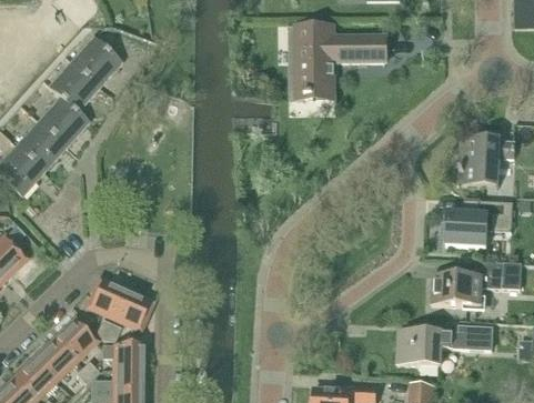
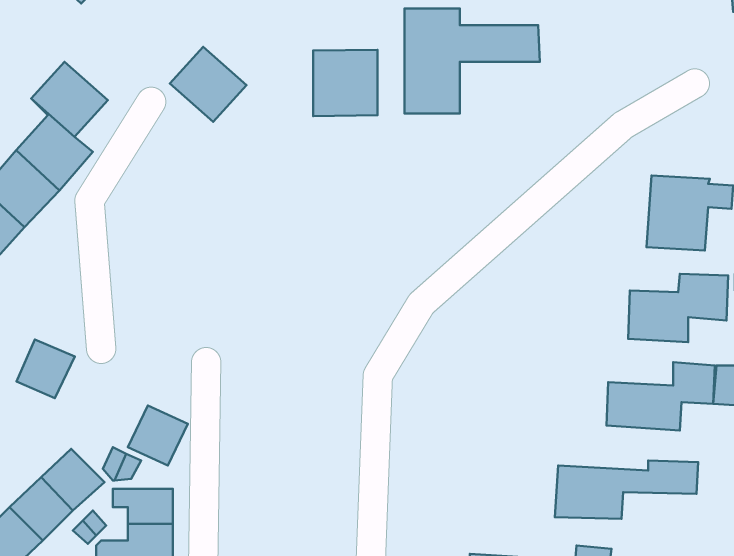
building: [70,36,121,85] -> [170,47,246,122]
building: none -> [313,50,378,116]
building: [87,278,125,316] -> [17,340,75,398]

